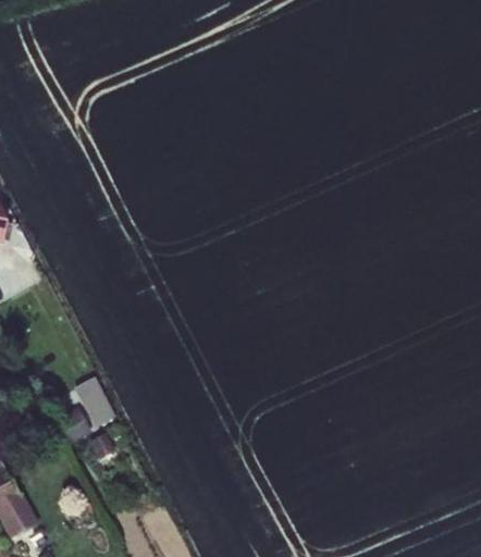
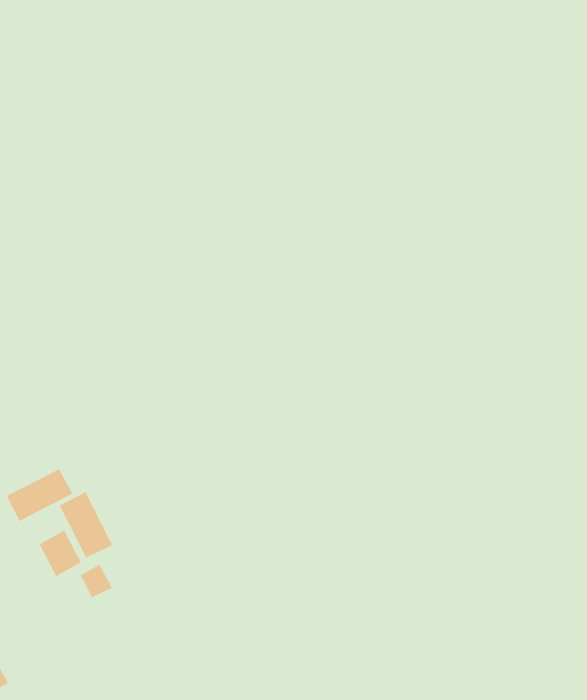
building: none -> [6,469,73,522]

